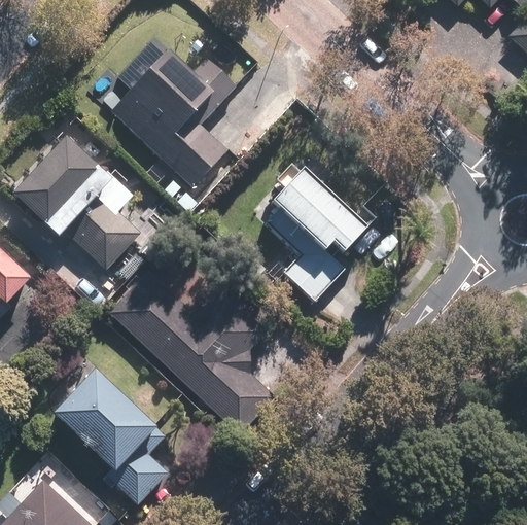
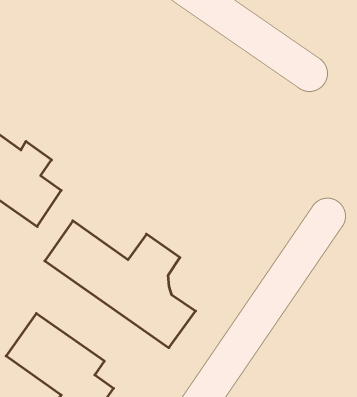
building: [111,51,239,188] -> none
building: [268,173,360,300] -> none

